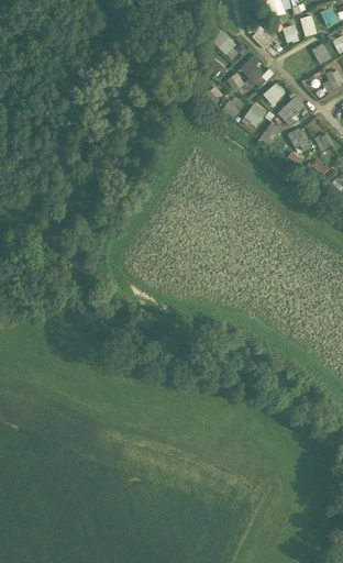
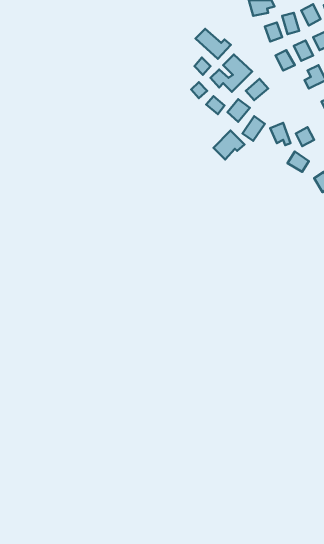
building: [276,96,308,125] -> [214,131,244,159]

